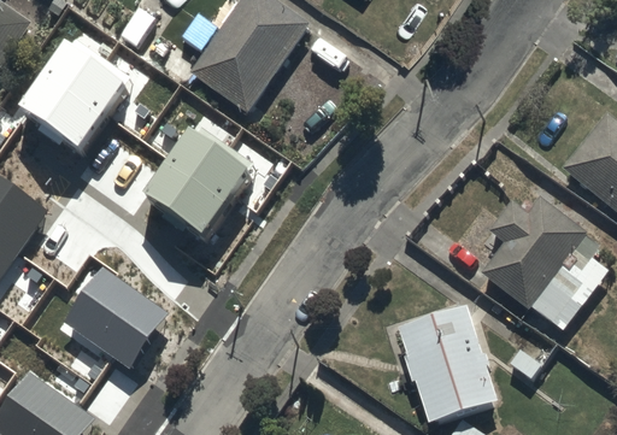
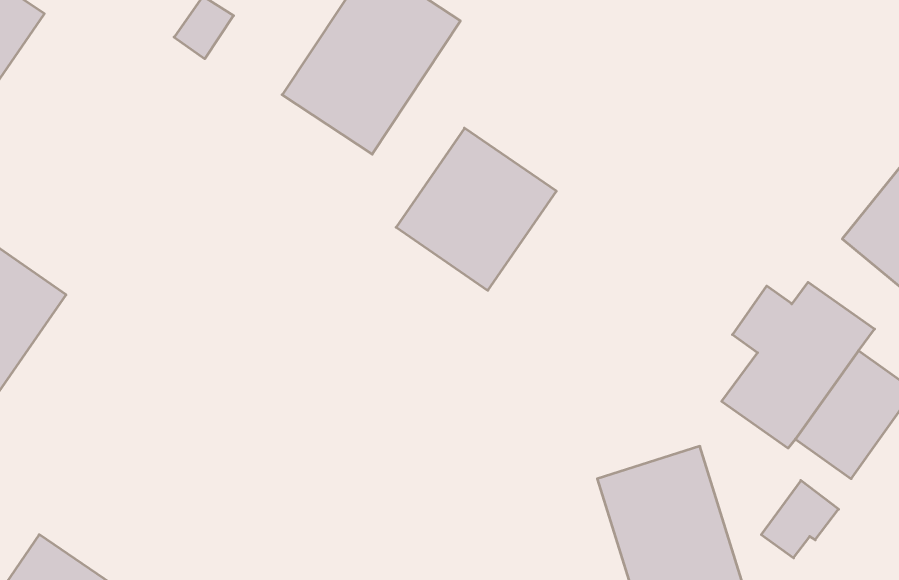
building: [17,36,123,145] -> none
building: [139,125,246,234] -> [396,128,556,290]
building: [61,265,165,366] -> none

